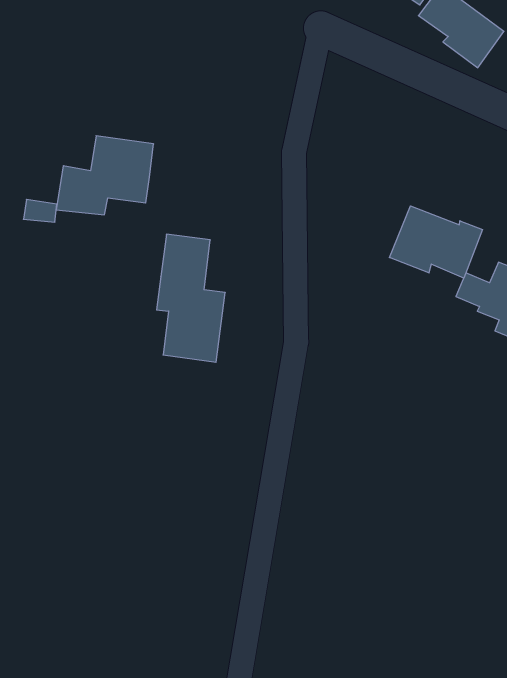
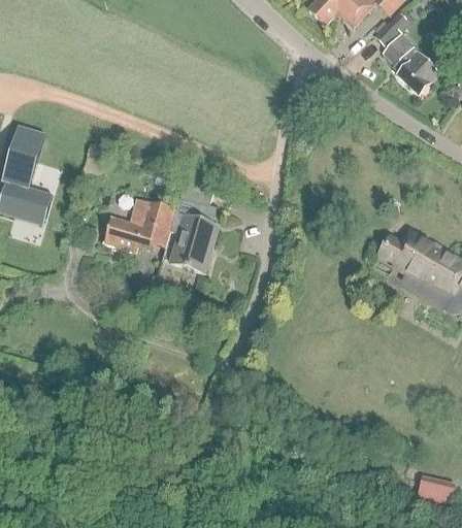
building: [56,136,154,215] -> [101,197,175,253]
building: [389,206,482,278] -> none

